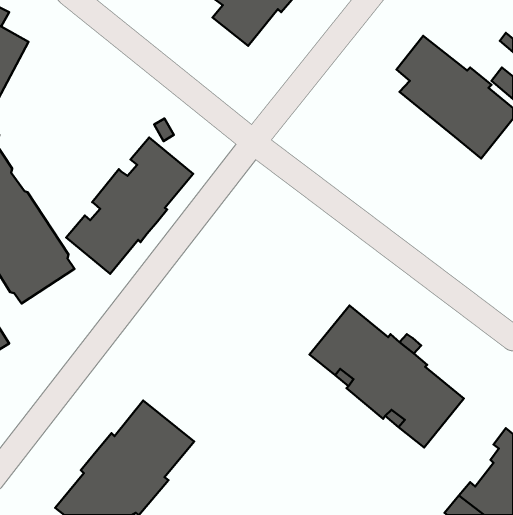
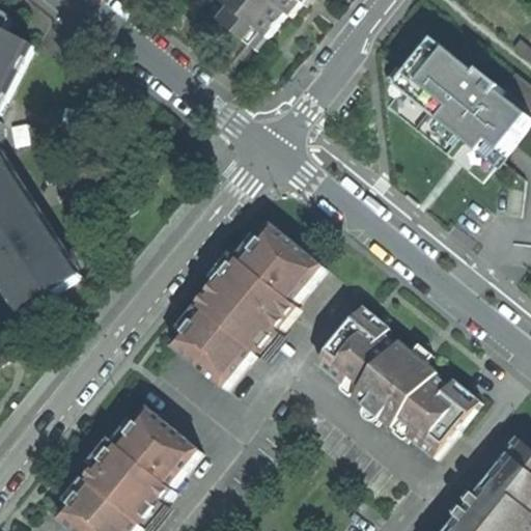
building: [66,137,193,274] -> none
building: none -> [170,222,319,385]

